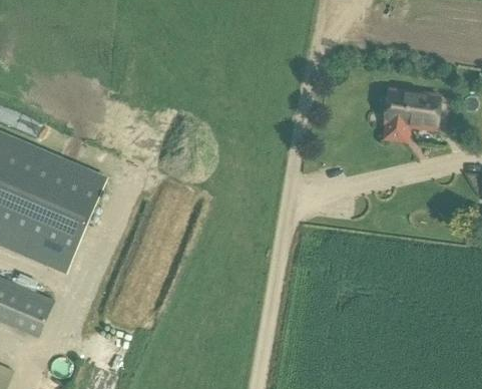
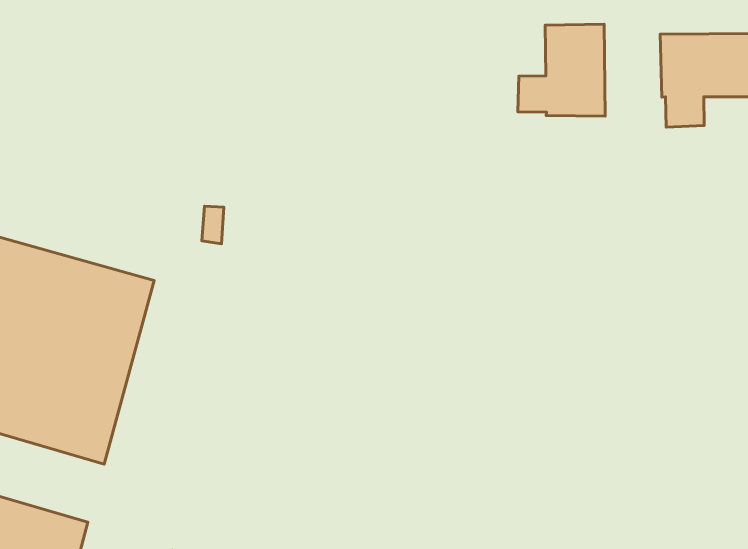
building: none -> [518,24,605,116]

